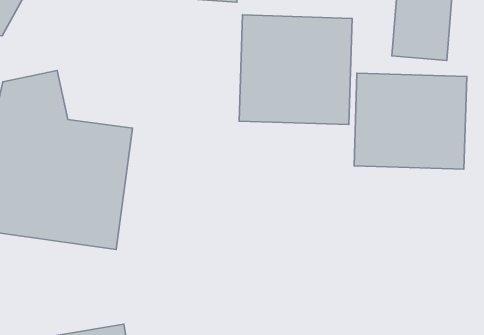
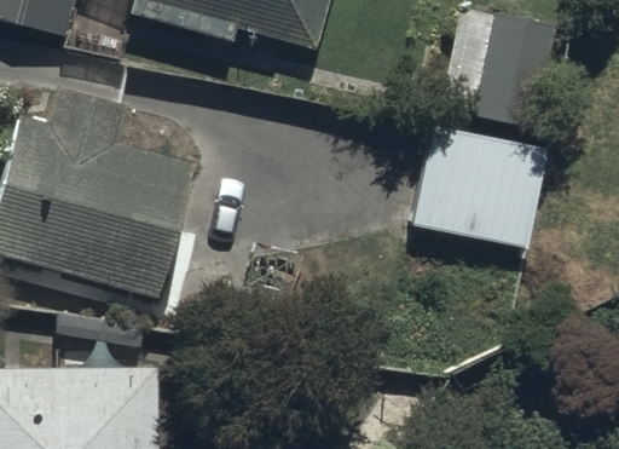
building: [239,15,352,124] -> none

